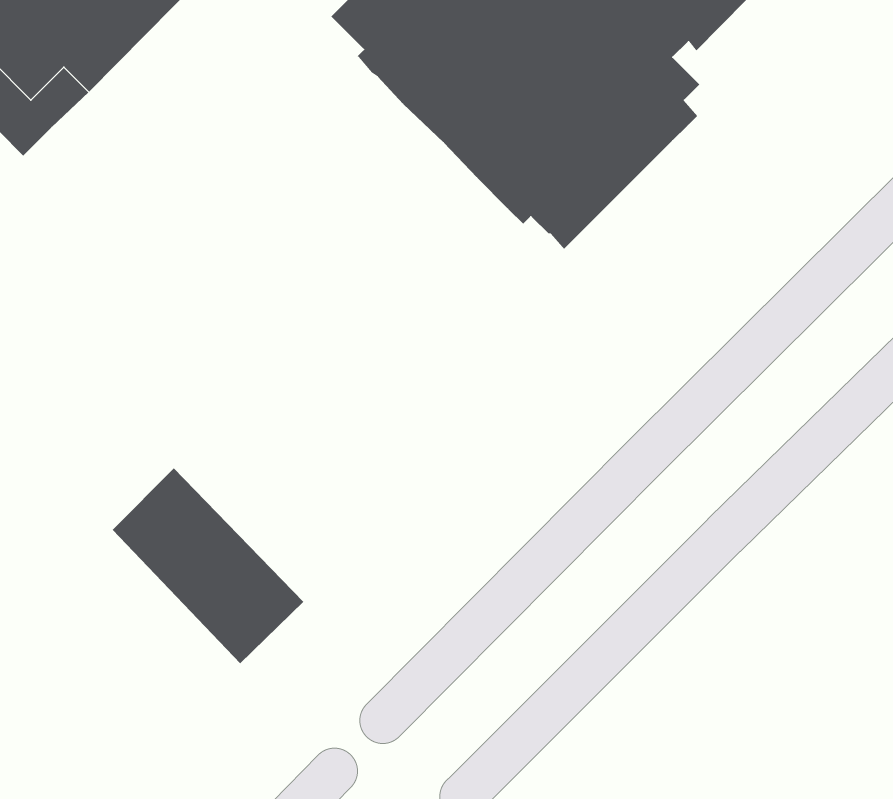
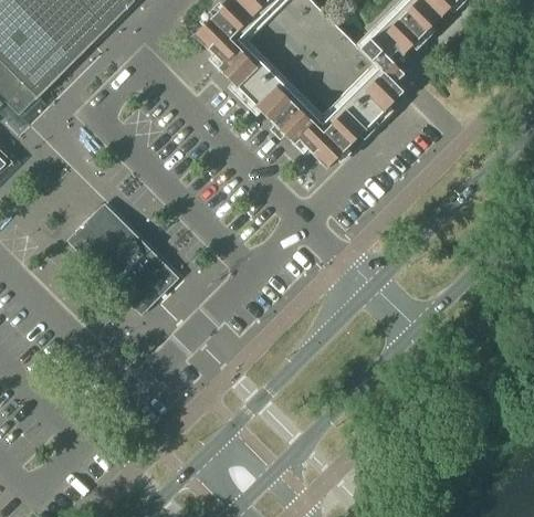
building: [112,468,304,664] -> [70,201,179,313]

